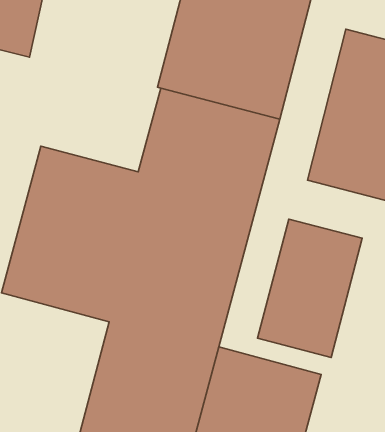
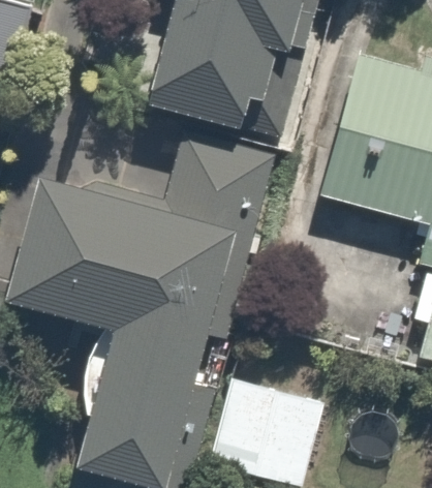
building: [257,219,362,358] -> none

